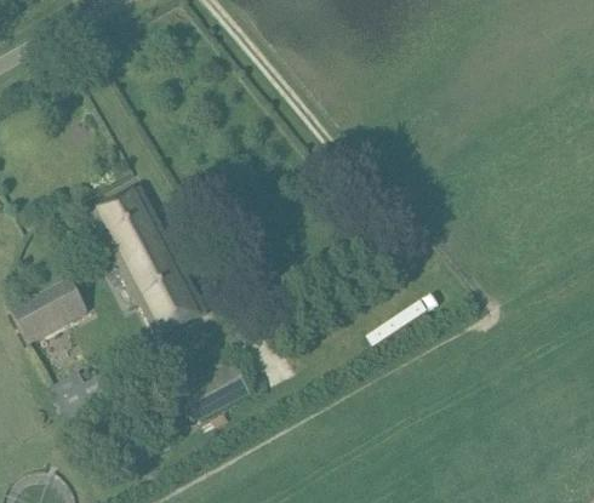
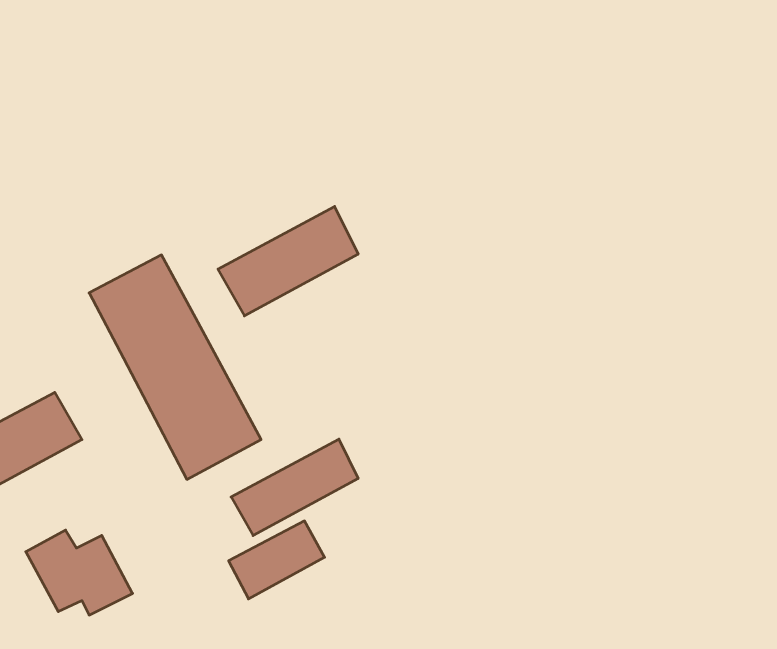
building: none -> [218,206,358,316]
building: none -> [231,439,358,536]

